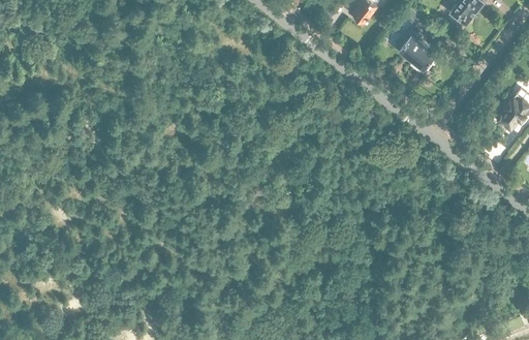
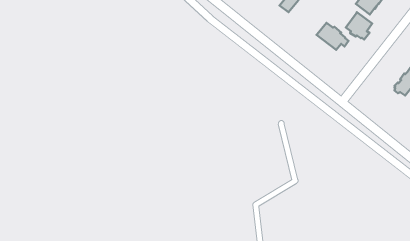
building: none -> [346,12,372,40]

